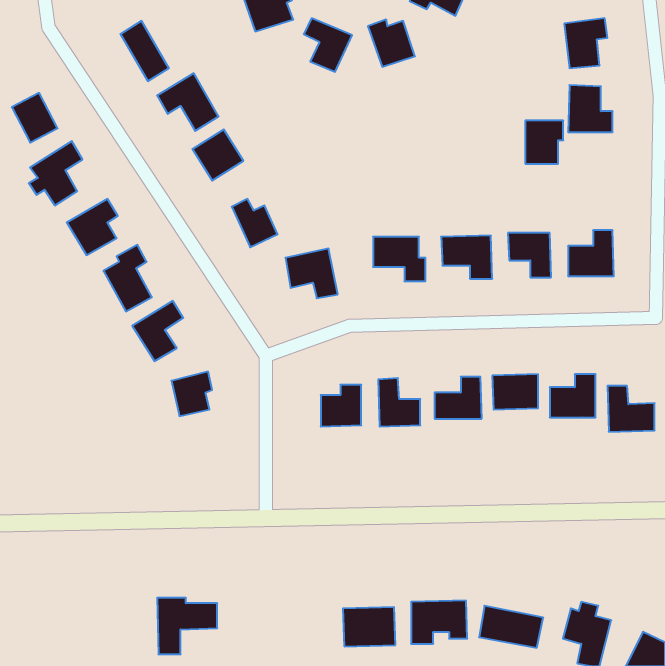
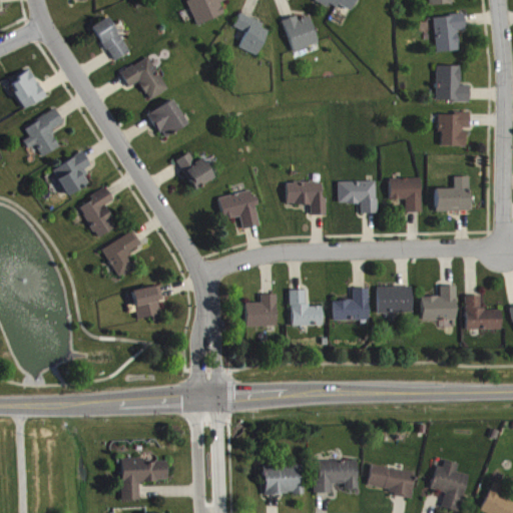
building: [525,121,563,164] -> [440,113,469,146]

